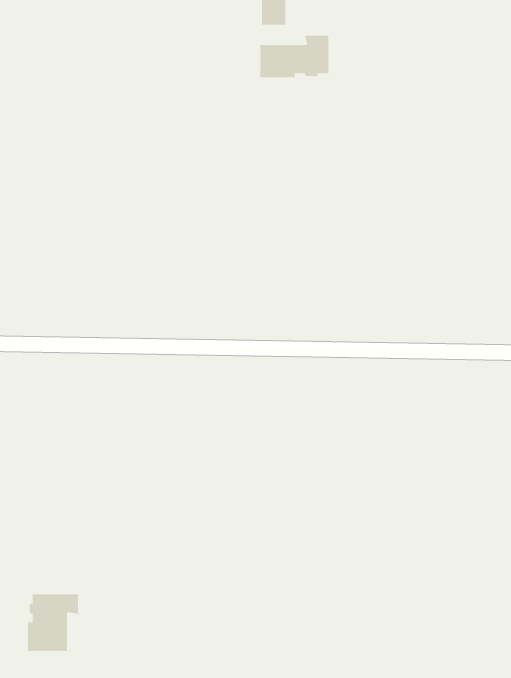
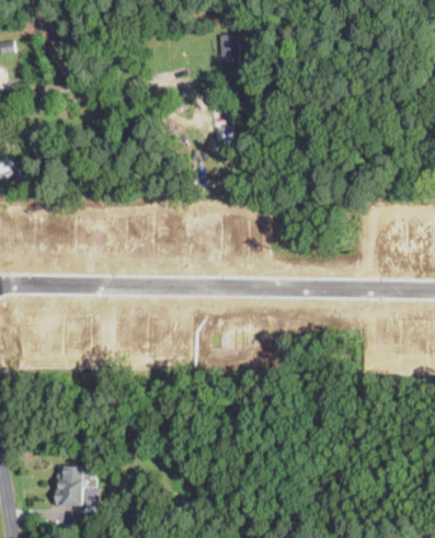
building: [260,35,329,78] -> none

